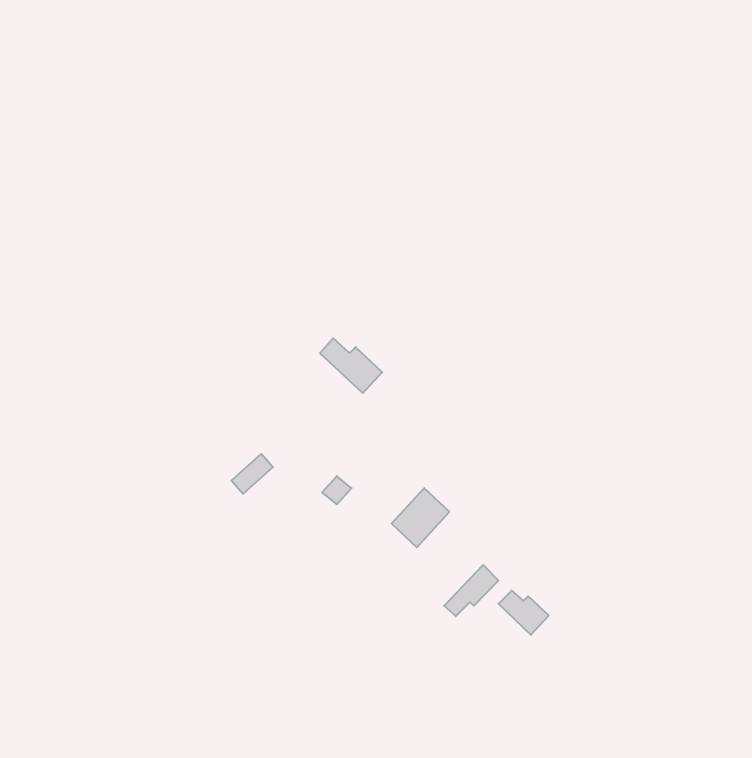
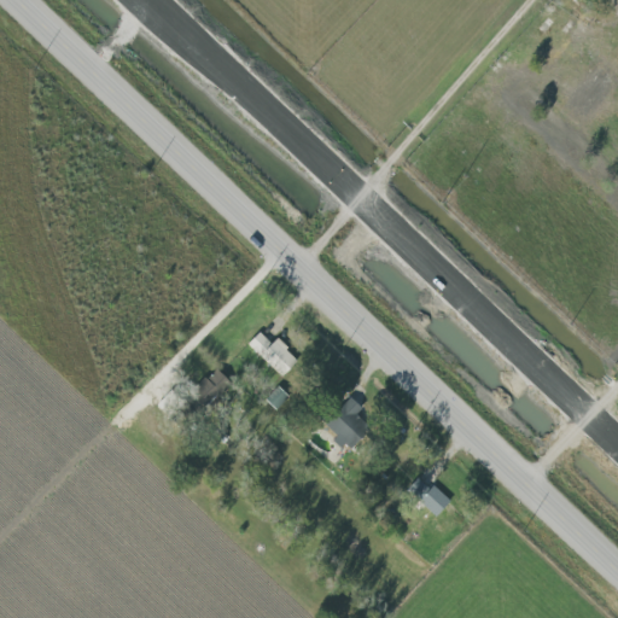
building: [320,338,382,393] -> [249,332,299,377]
building: [444,565,498,616] -> none

